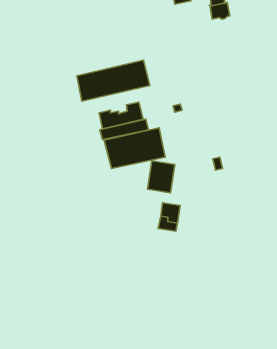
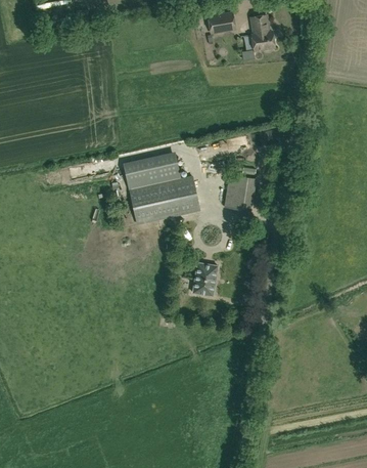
building: [77,60,150,101] -> none
building: [148,161,175,193] -> [224,174,256,211]

